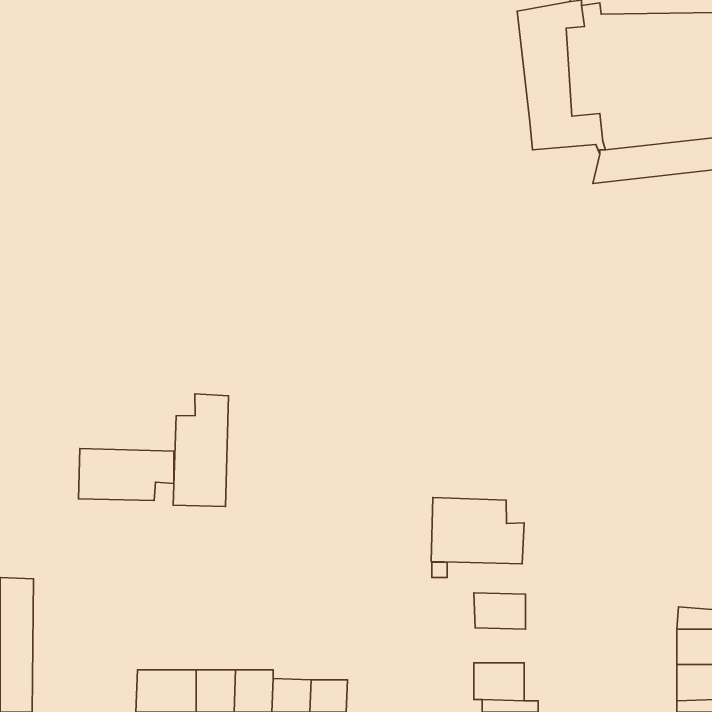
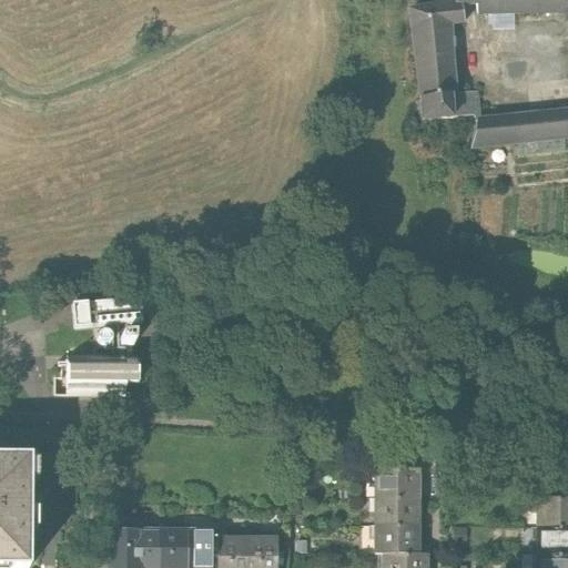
building: [173,394,228,507] -> none
building: [431,497,524,564] -> none
building: none -> [378,497,419,525]

